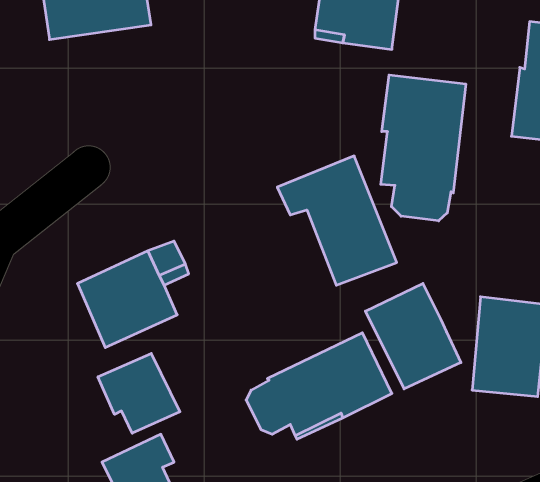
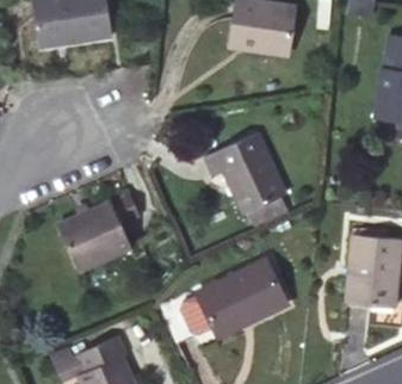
building: [381,75,466,221] -> none
building: [365,283,461,389] -> none
building: [98,353,180,433] -> none

